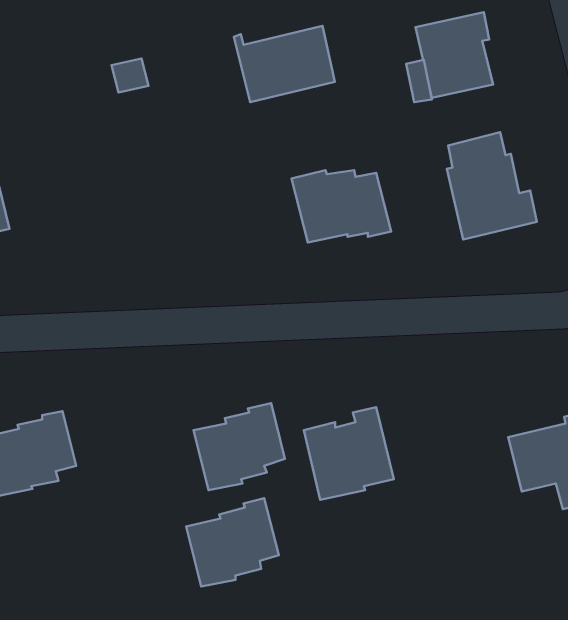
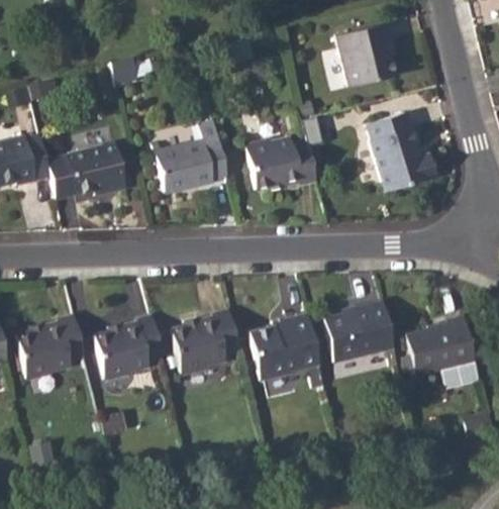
building: [234,26,335,102] -> [153,135,227,192]
building: none -> [47,143,125,197]
building: none -> [325,300,395,362]
building: [186,498,279,587] -> [94,313,163,379]

